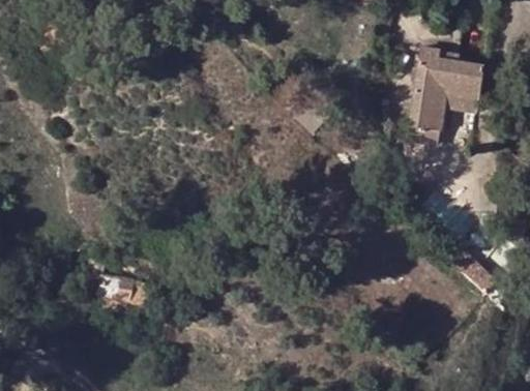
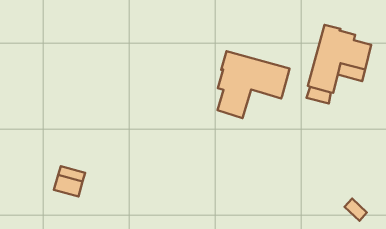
building: none -> [218,51,289,118]

